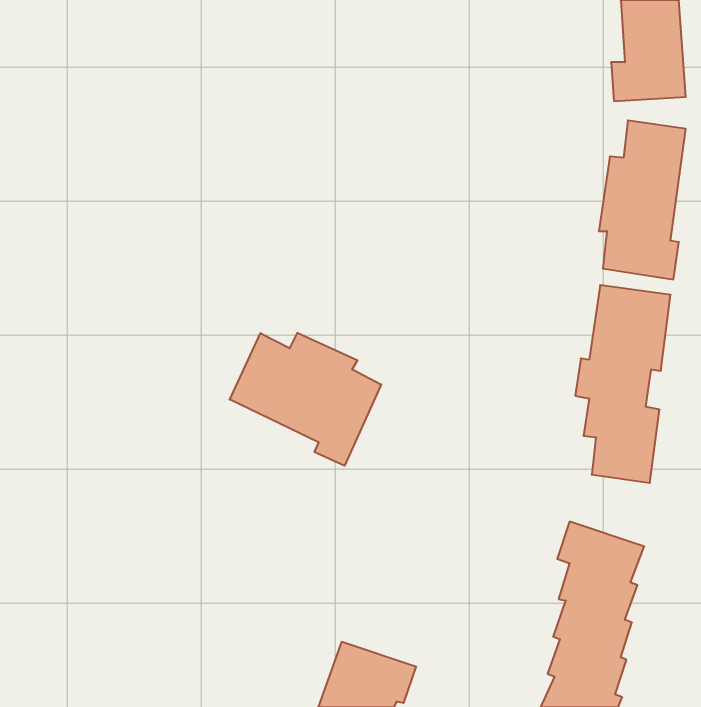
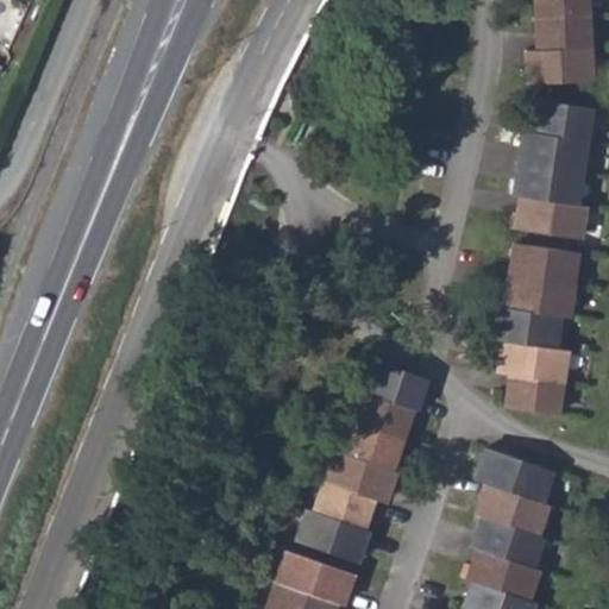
building: [230,333,381,466] -> none
building: none -> [302,364,431,561]

